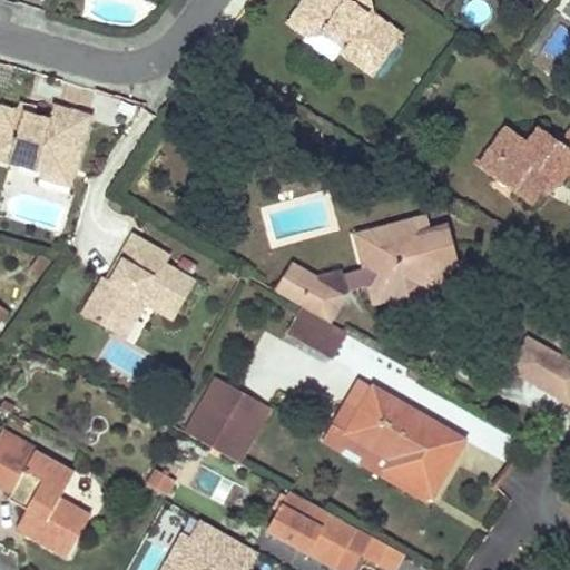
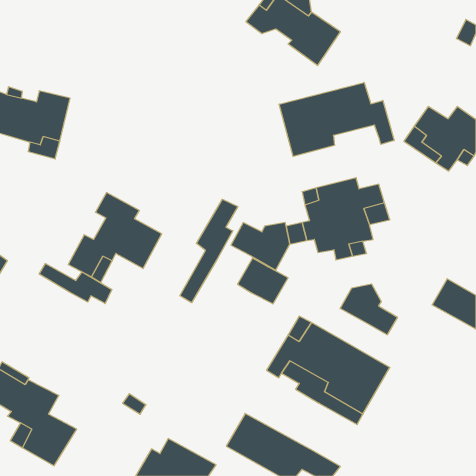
building: none -> [279,82,394,156]
building: none -> [180,199,238,303]
building: none -> [39,264,112,304]
building: none -> [340,284,397,335]
building: [193,382,278,468] -> none

